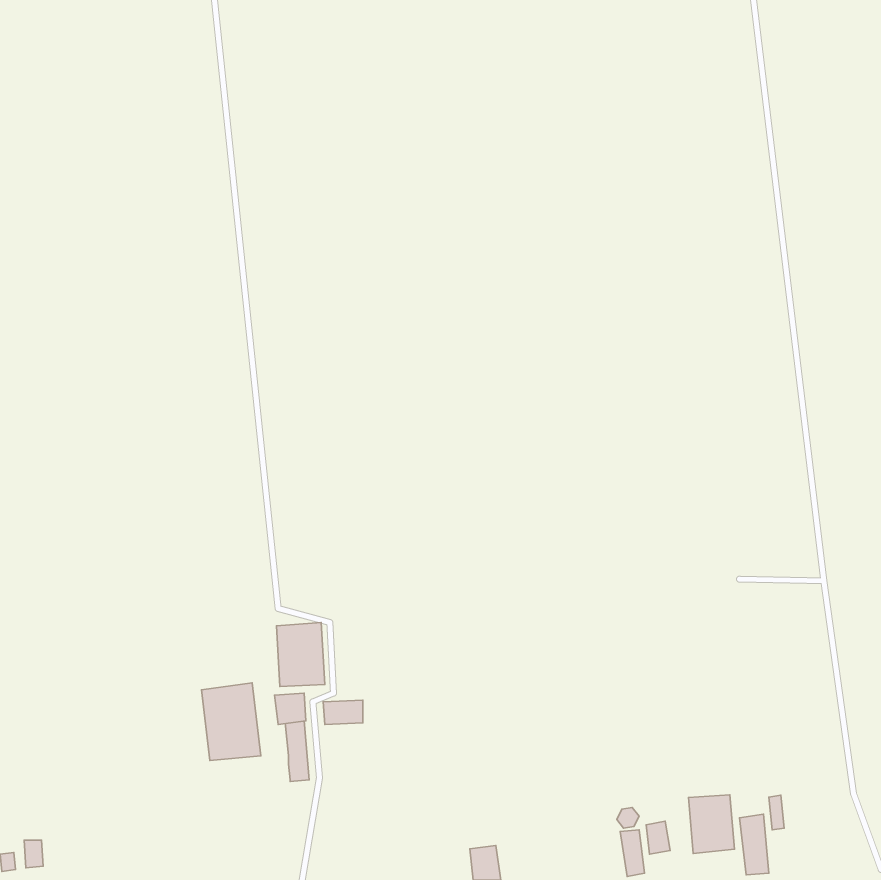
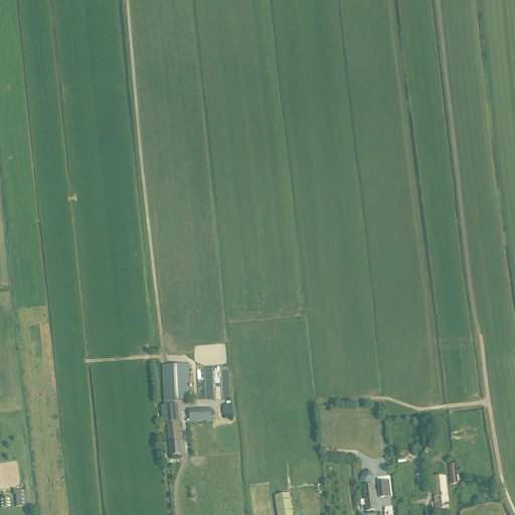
building: [202,683,261,761] -> none
building: [688,795,734,854] -> none

